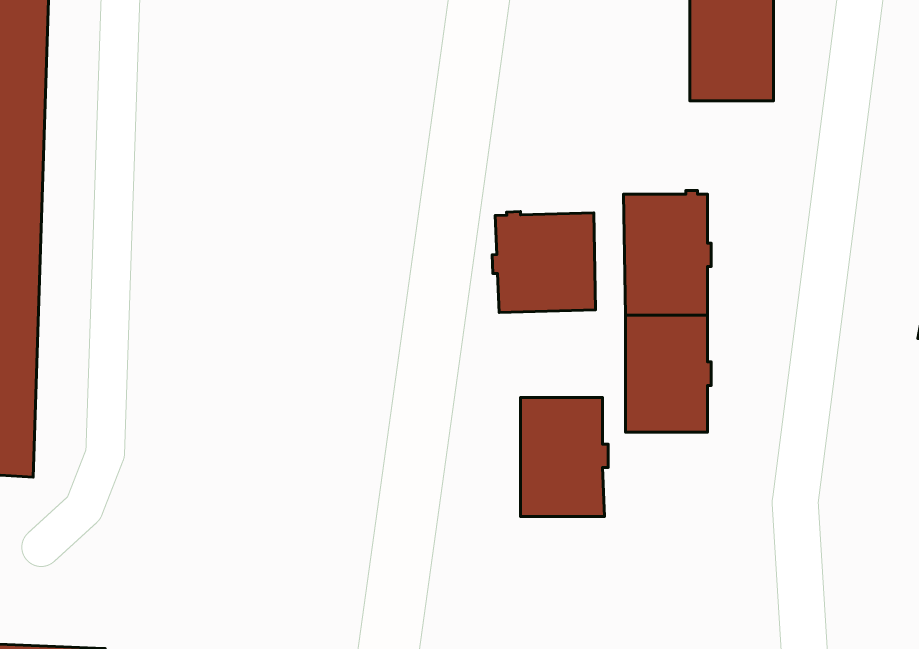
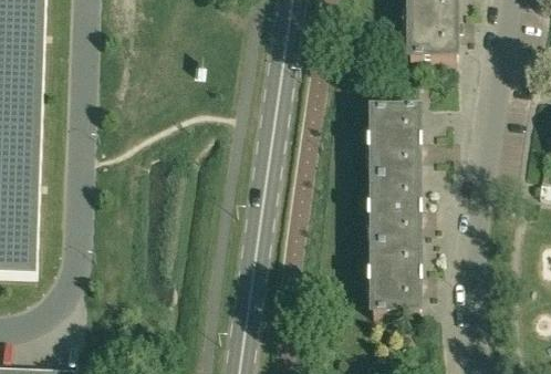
building: [492,212,596,312] -> none
building: [521,397,608,516] -> [371,249,420,316]

